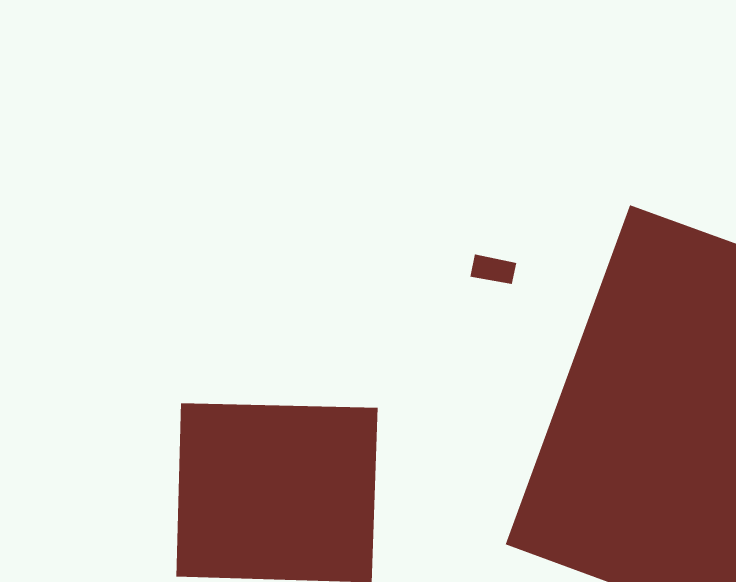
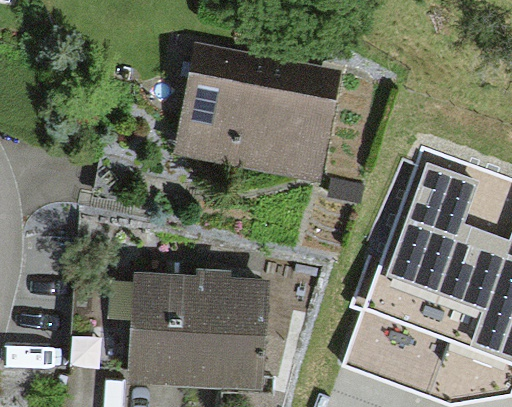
building: none -> [175,48,330,174]

